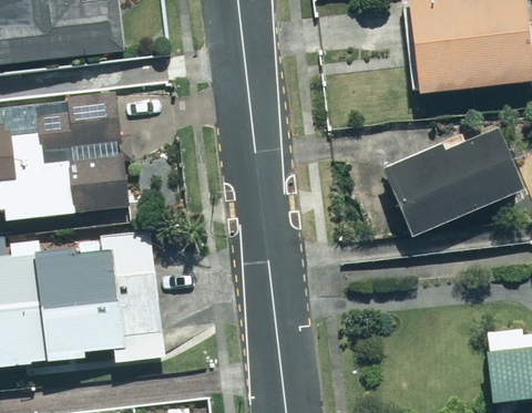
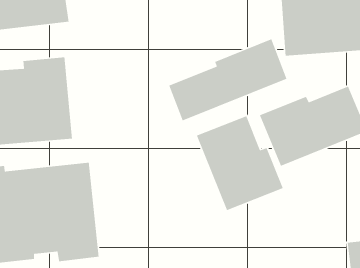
building: none -> [168,38,287,122]
building: none -> [196,115,284,211]

